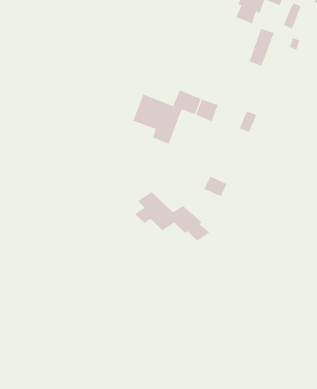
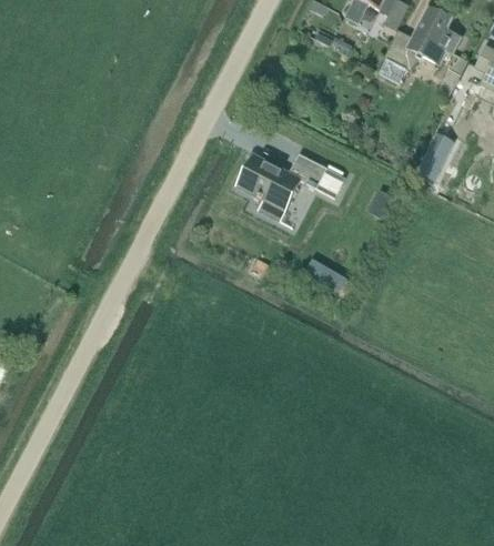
building: [249,28,274,66] -> [417,132,453,180]
building: [134,191,210,241] -> none

